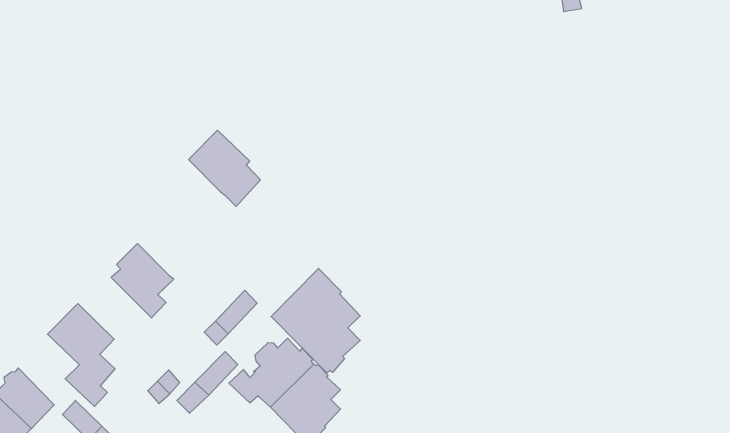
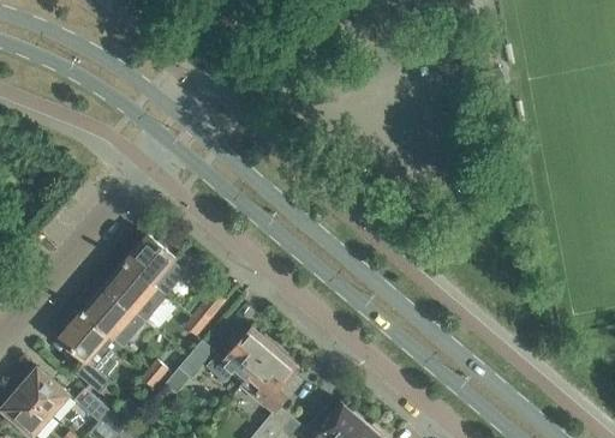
building: [189,130,260,206] -> [125,234,184,294]
building: [271,268,360,373] -> none
building: none -> [80,288,143,346]

